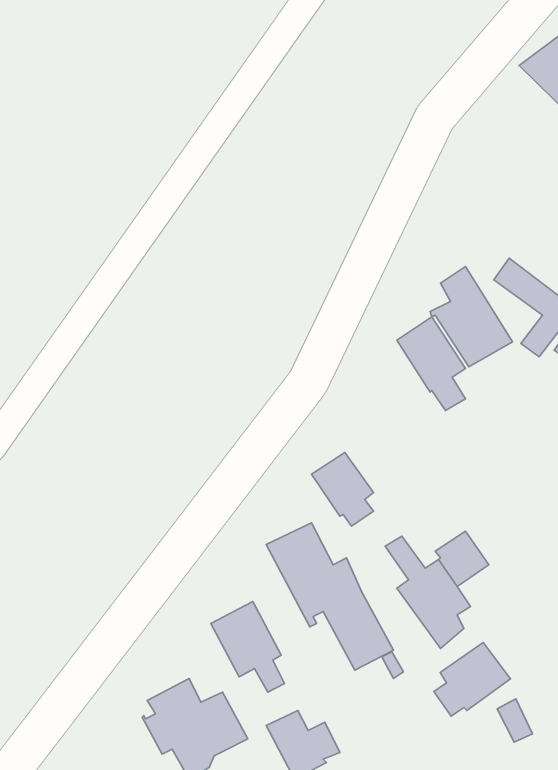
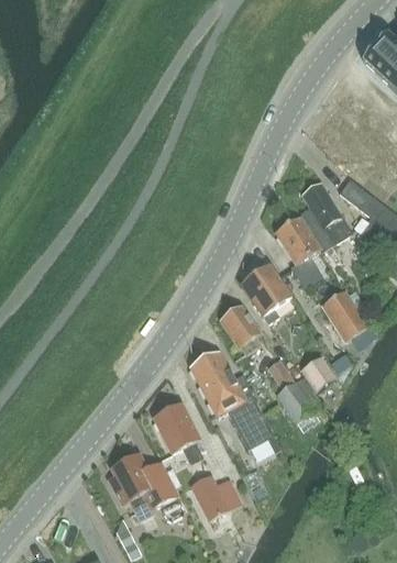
building: none -> [240,264,290,322]
building: none -> [322,289,367,341]
building: [434,643,511,716] -> none

